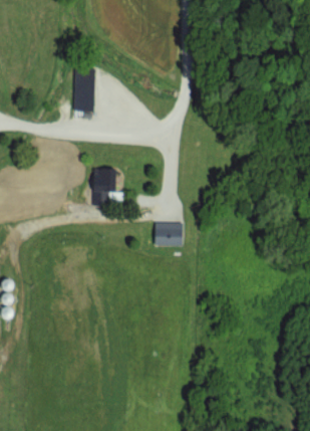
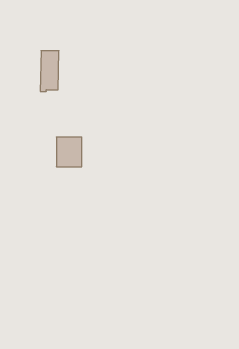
building: [153,223,183,245] -> none

